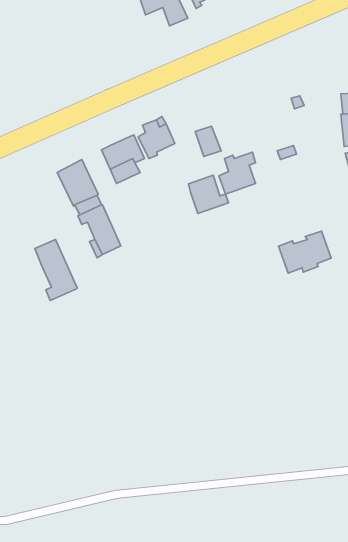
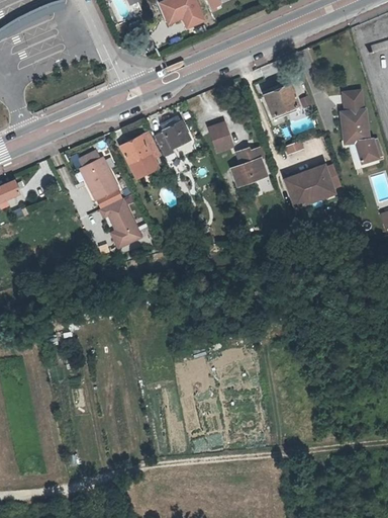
building: none -> [265,85,300,121]
building: [188,175,228,213] -> none
building: [278,231,331,273] -> [284,166,333,205]
building: [35,240,77,300] -> none

